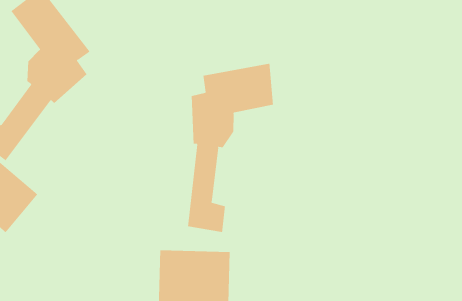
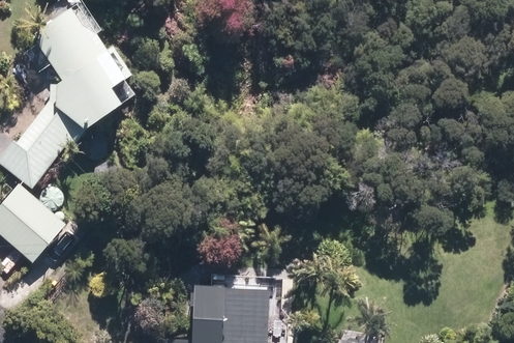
building: [188,63,274,233] -> none

